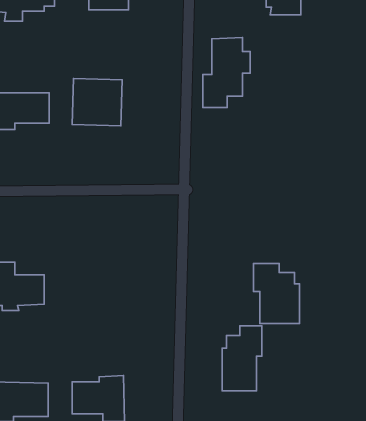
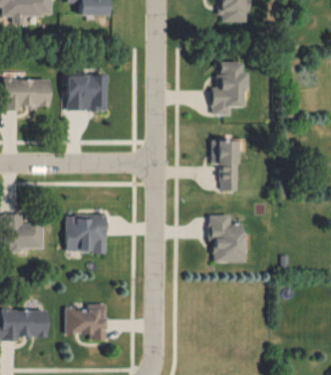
building: [203,38,250,108] -> [211,60,248,115]
building: none -> [216,140,236,190]
building: none -> [66,215,107,255]
building: [222,326,262,391] -> none

